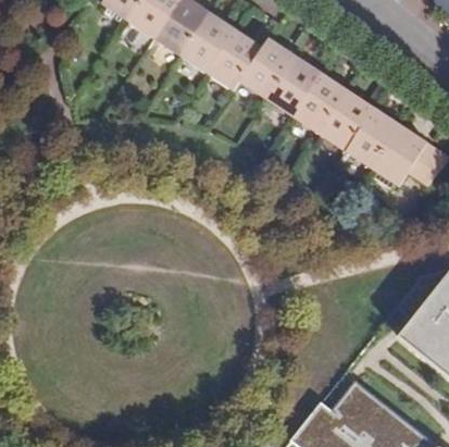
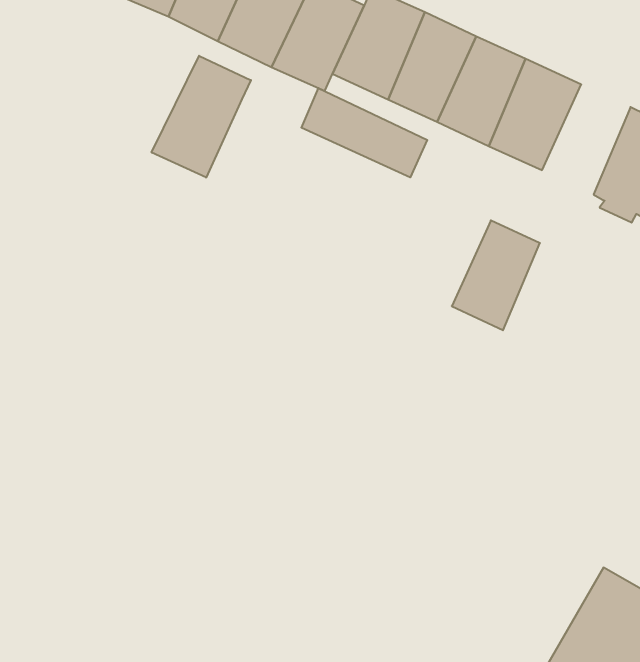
building: none -> [152,56,251,178]
building: none -> [301,88,427,177]
building: [346,107,399,167] -> [452,220,540,330]

